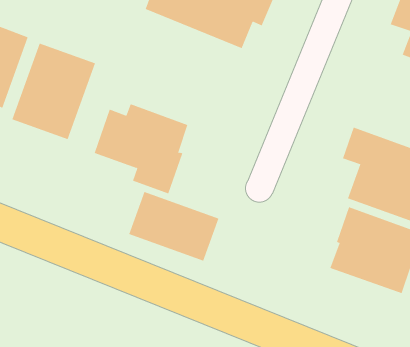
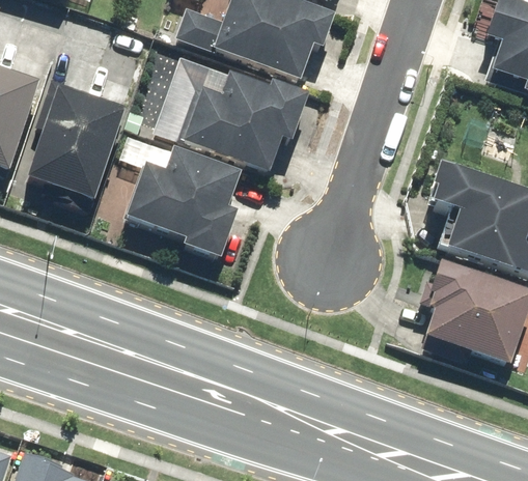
building: none -> [148,47,308,174]
building: [129,191,219,261] -> none

